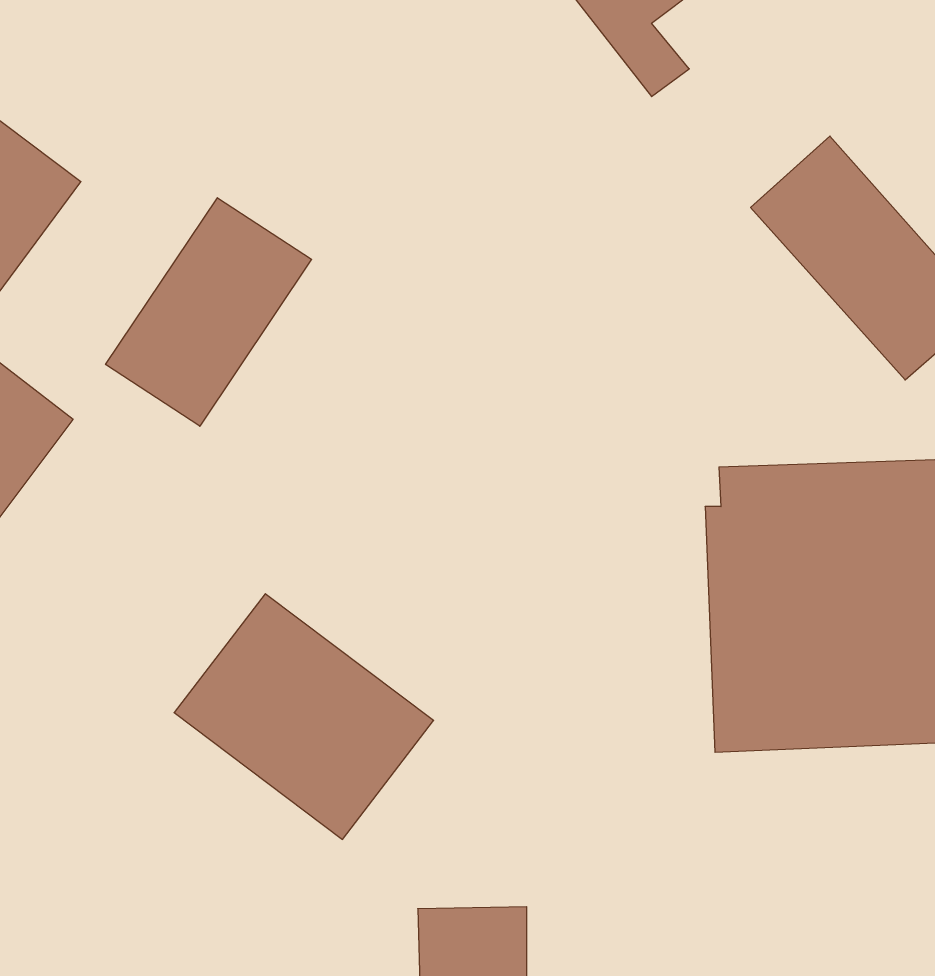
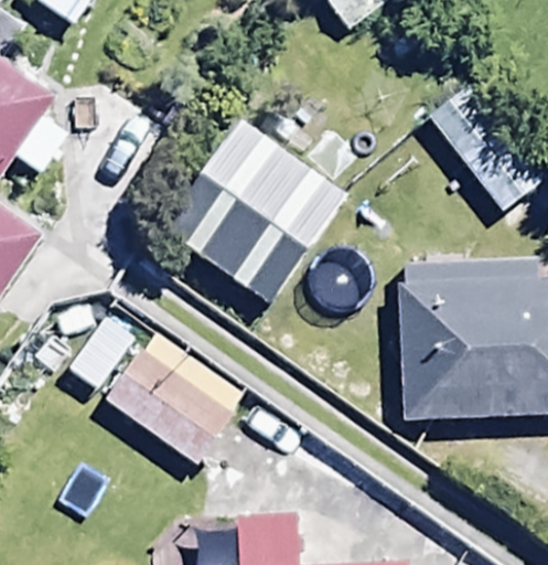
building: [106,198,312,426] -> none
building: none -> [161,118,351,308]

